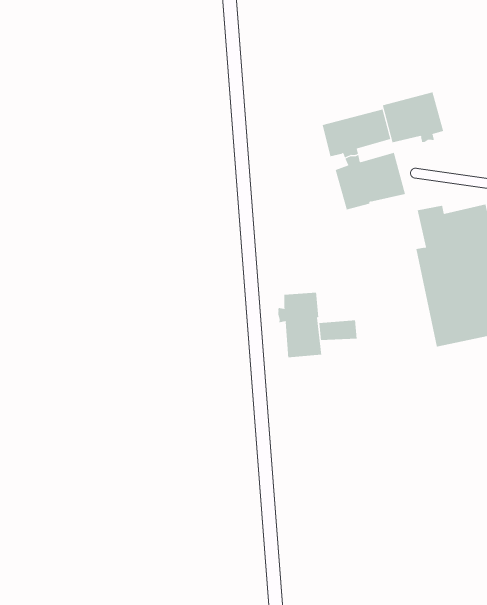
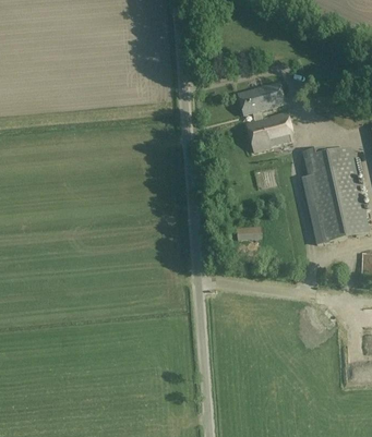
building: [382,92,444,143] -> none
building: [278,292,322,358] -> none

